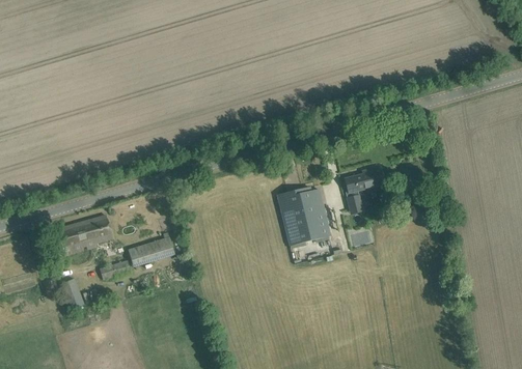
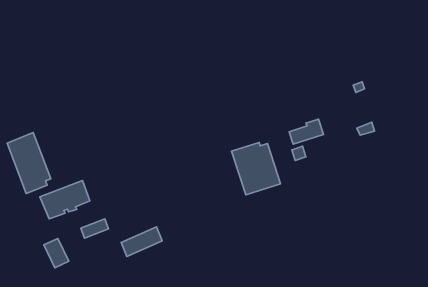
building: none -> [7,132,51,194]
building: [128,236,174,267] -> [121,227,162,257]

